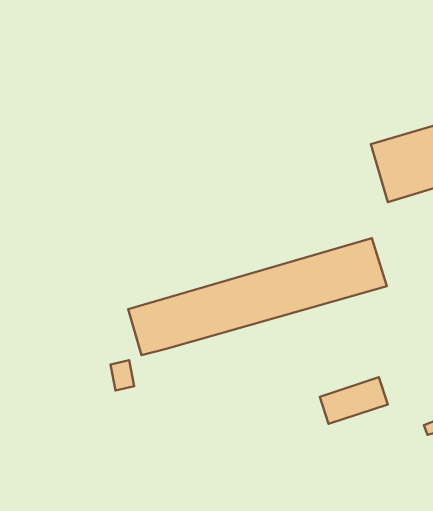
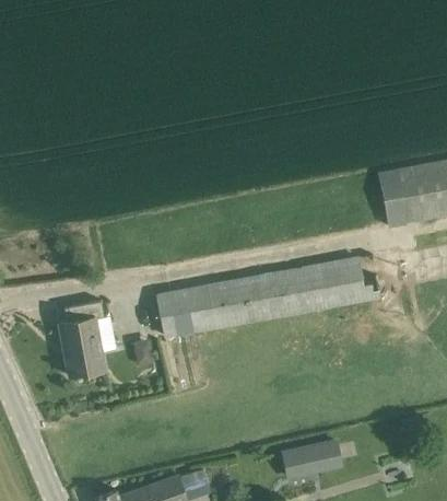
building: none -> [60,301,105,377]
building: [320,377,388,424] -> [283,442,341,478]

